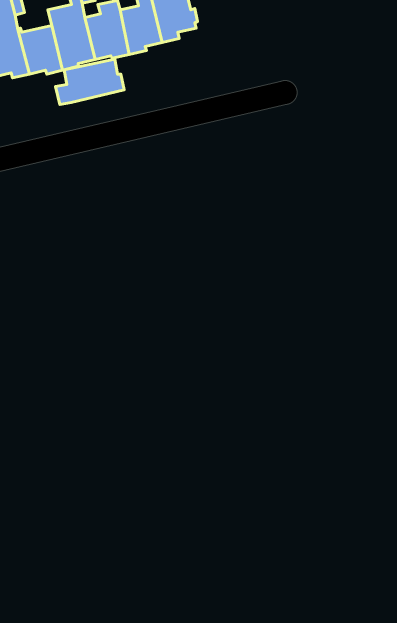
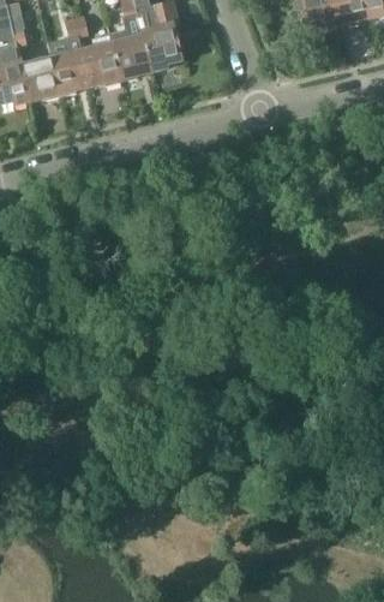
building: [55,59,124,105] -> none

